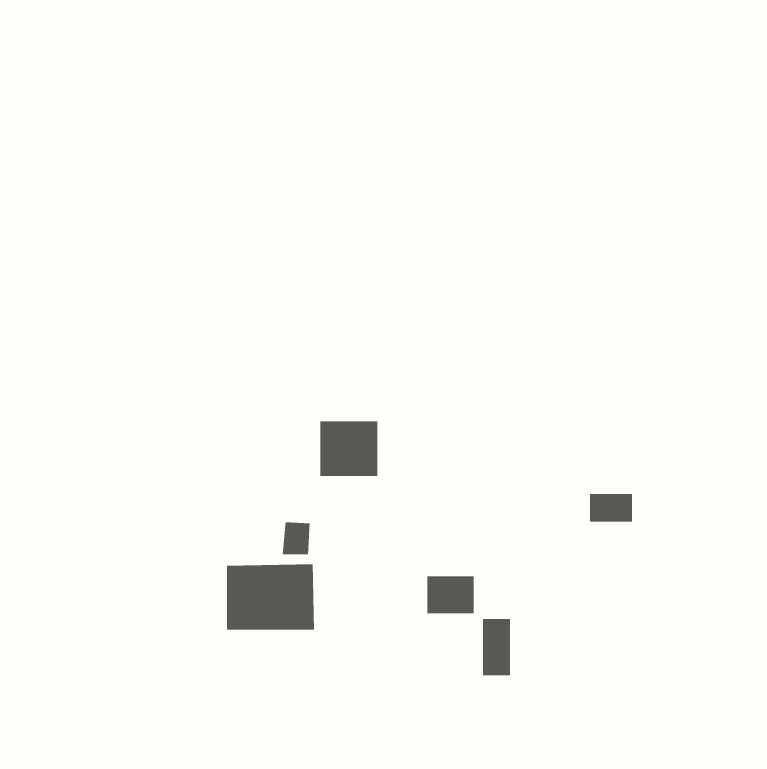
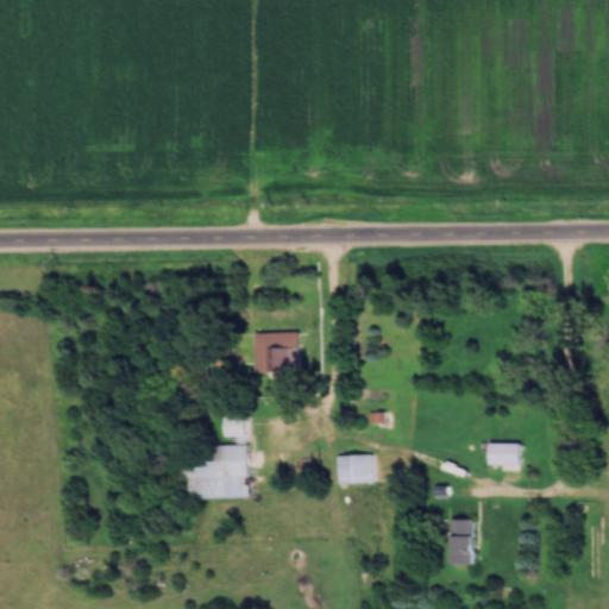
building: [589,493,633,522] -> [488,442,522,465]
building: [482,618,511,676] -> [450,520,472,565]

